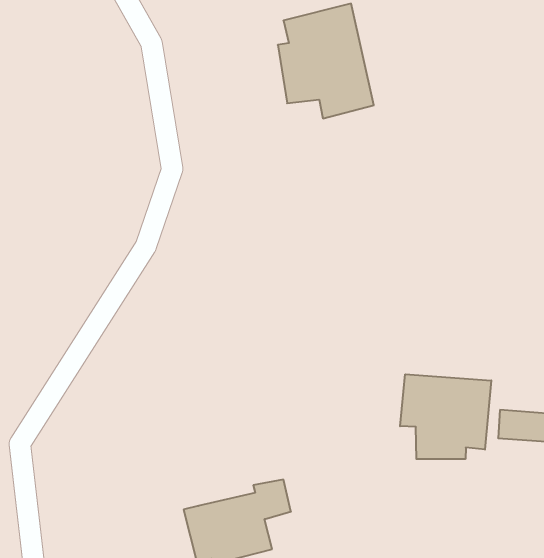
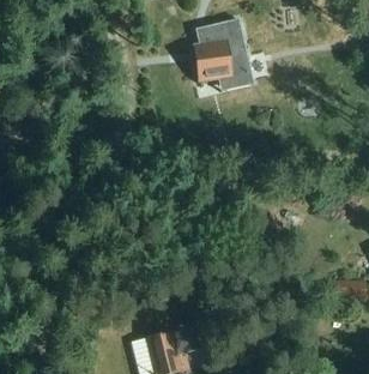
building: [400,374,491,459] -> none

